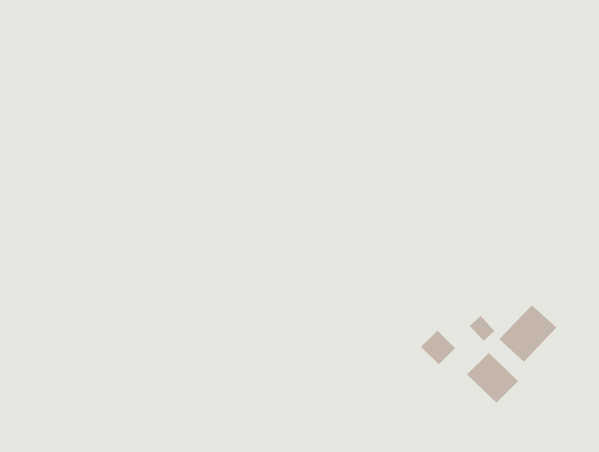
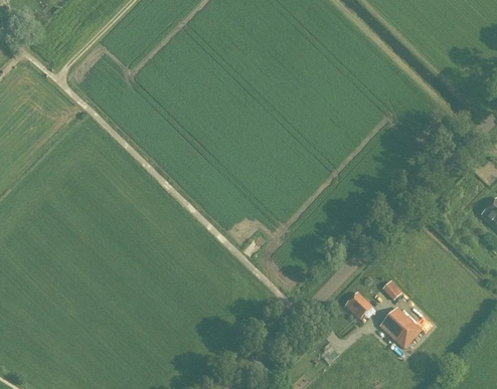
building: [498,304,557,363] -> none

